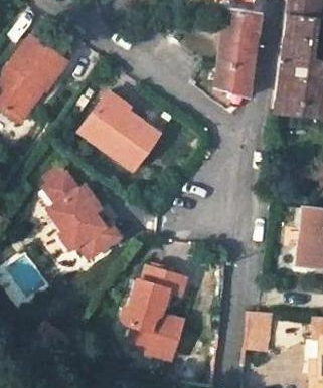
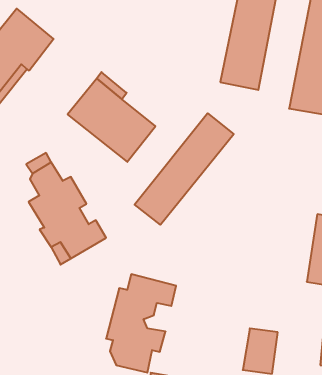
building: none -> [135,113,234,225]

